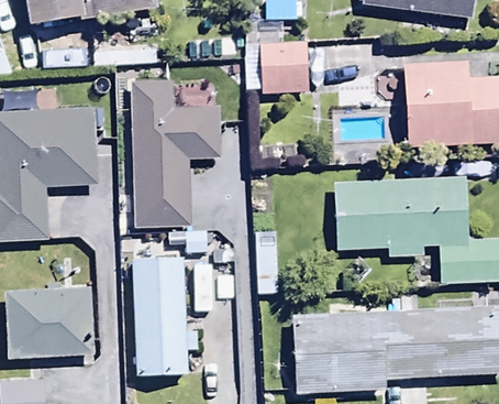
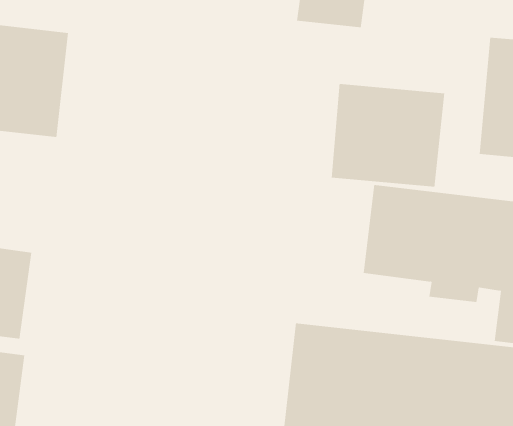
building: [130,83,220,229] -> none
building: none -> [331,83,445,187]
building: [130,237,193,359] -> none

